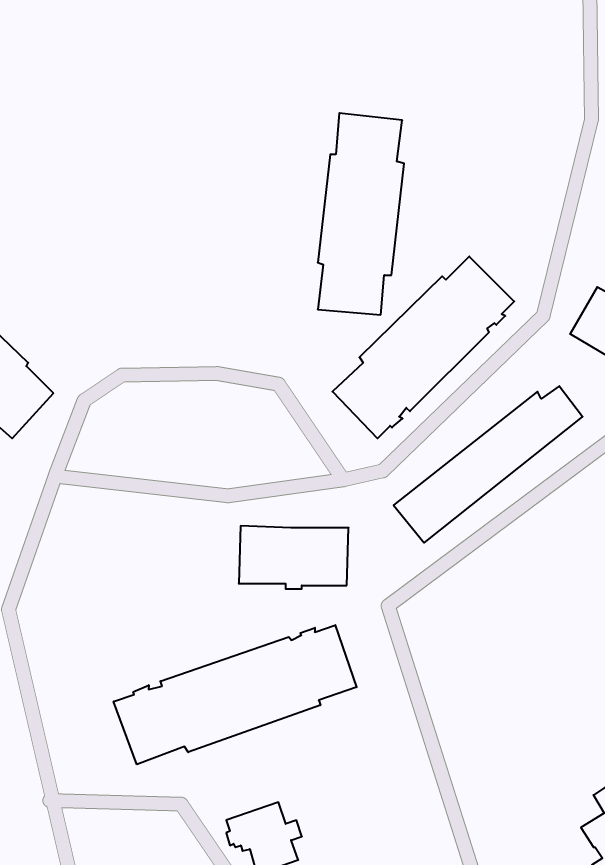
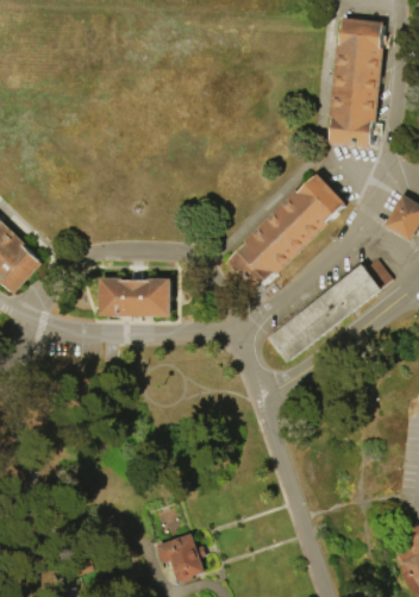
building: [318,113,404,315] -> [326,17,383,150]
building: [239,526,349,589] -> [98,277,170,319]
building: [114,625,357,764] -> none

